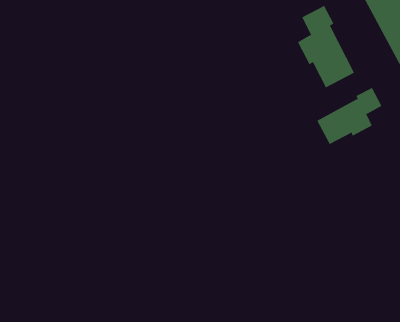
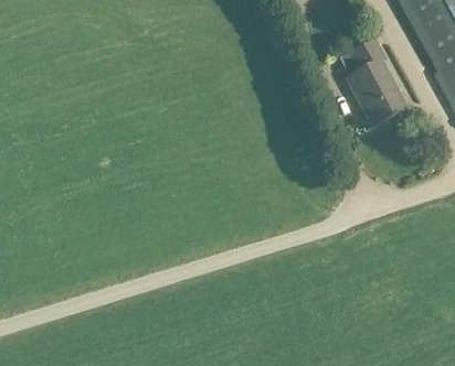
building: [316,87,382,145] -> none

